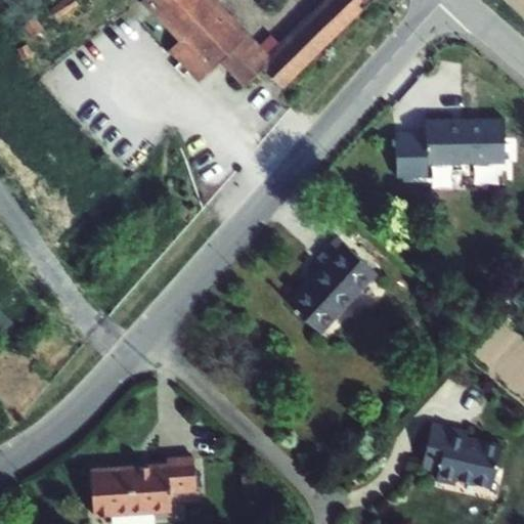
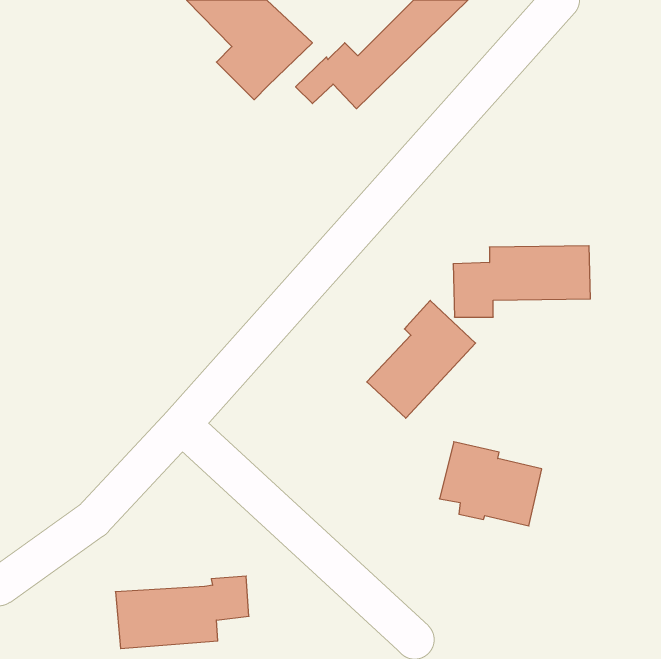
building: [212,36,258,94] -> none
building: [396,121,505,177] -> [453,246,590,317]
building: [421,425,501,491] -> [439,442,542,526]

